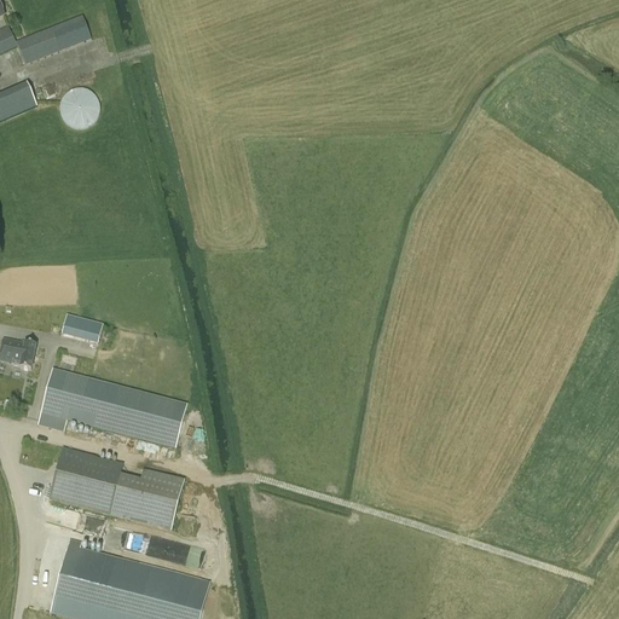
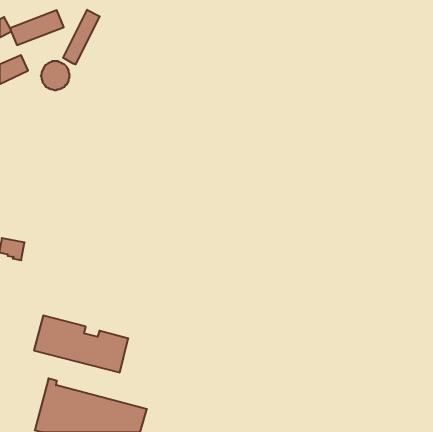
building: none -> [63,10,100,64]
building: [62,313,104,342] -> none
building: [36,369,184,449] -> none

